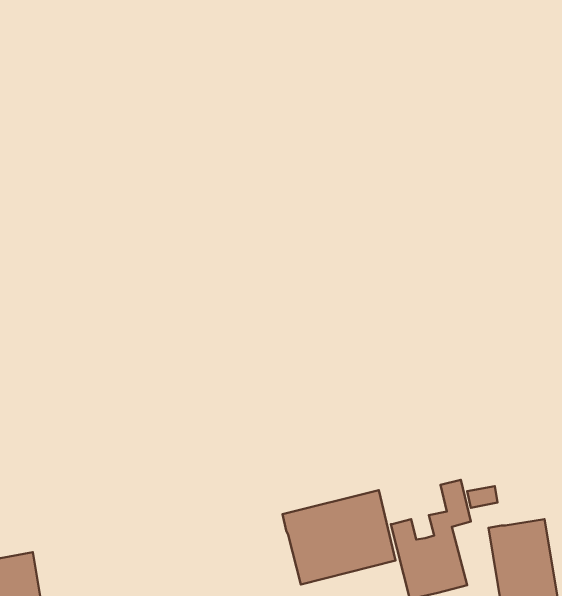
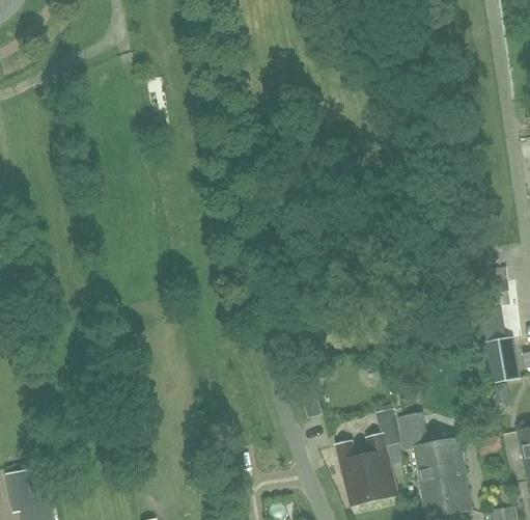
building: [283,490,396,584] -> none

